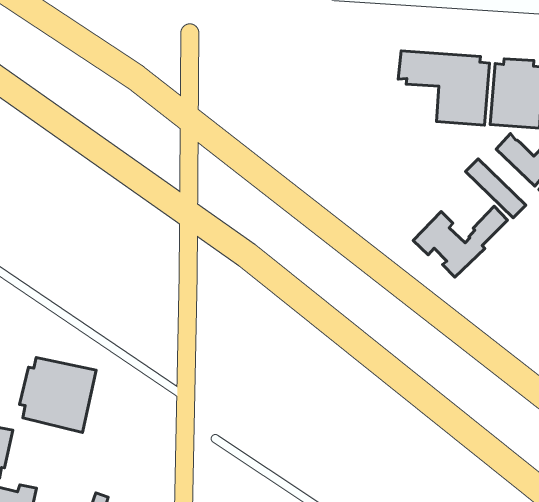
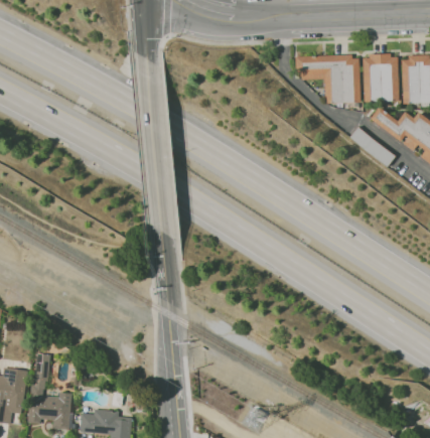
building: [413,206,508,277] -> none
building: [20,358,96,432] -> none

